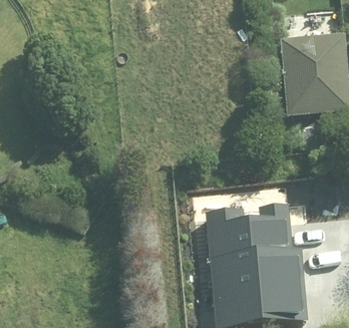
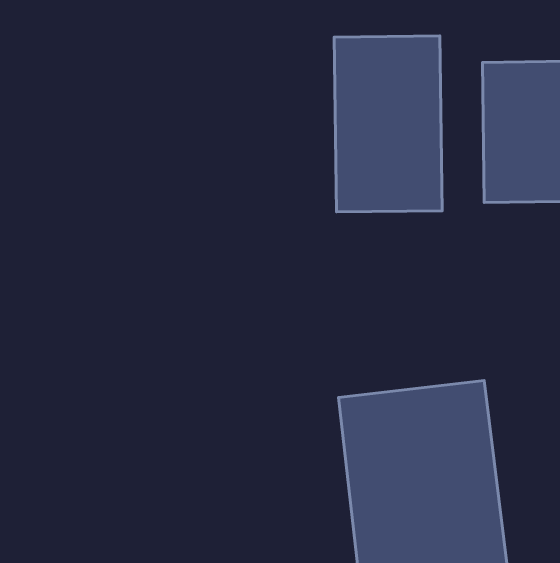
building: none -> [334,36,442,212]

